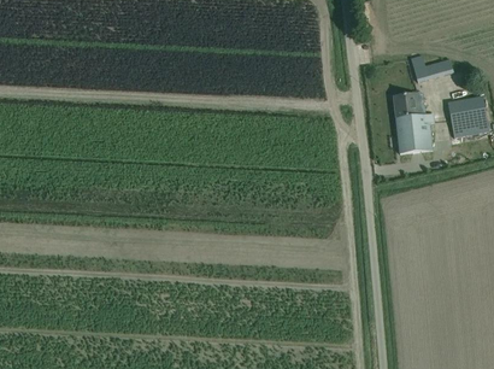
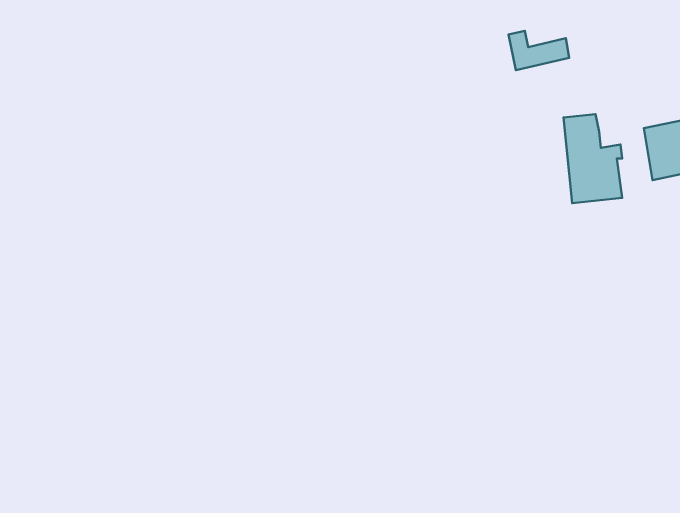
building: [412,54,453,81] -> [509,31,569,70]

